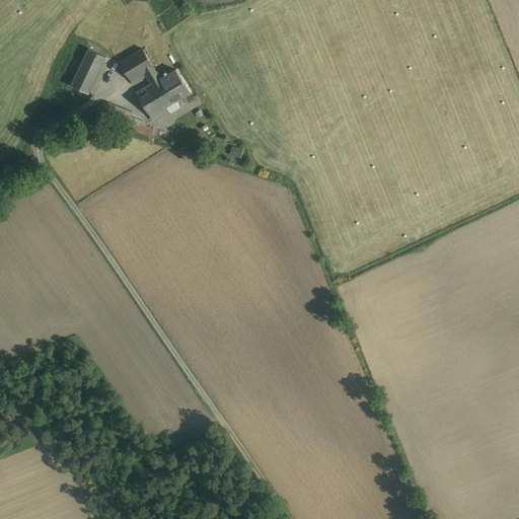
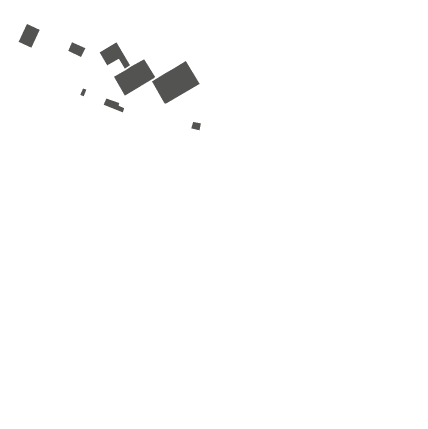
building: [70,63,98,94] -> [17,23,41,49]
building: none -> [151,60,201,105]

